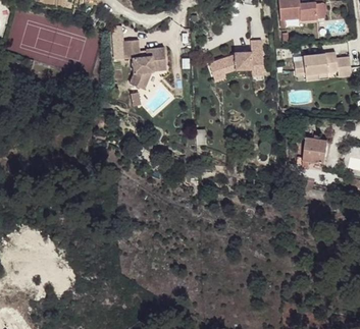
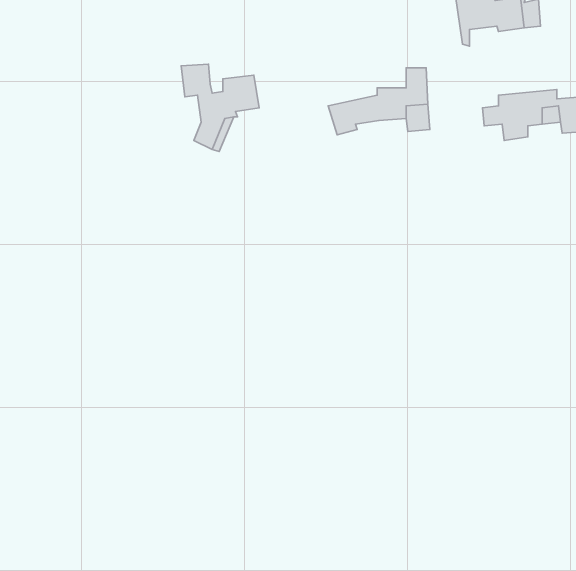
building: [302,138,327,171] -> none

